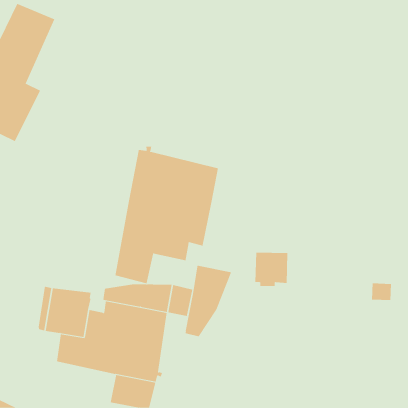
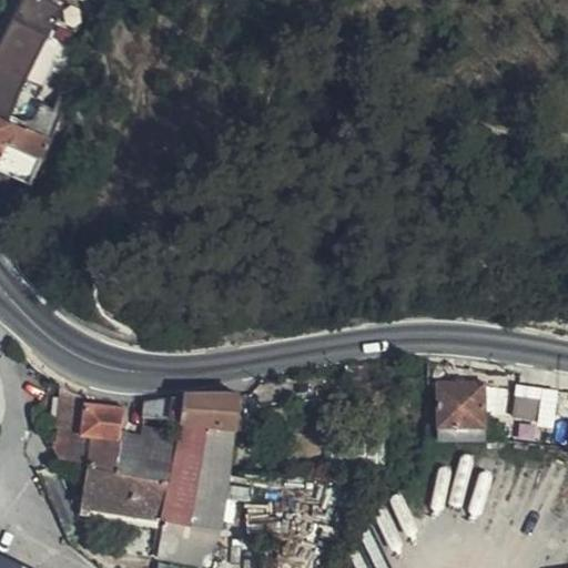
building: [115,146,218,284] -> none
building: [255,252,288,287] -> [435,389,481,437]
building: [185,265,232,337] -> none

